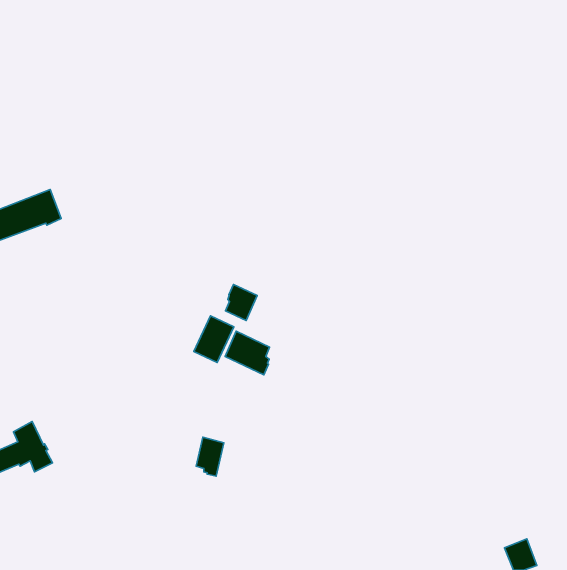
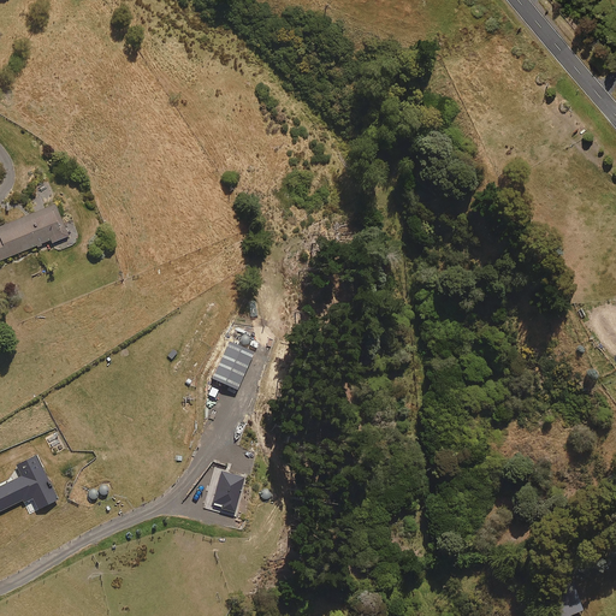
building: [226,284,257,320] -> none
building: [225,331,270,375] -> none

